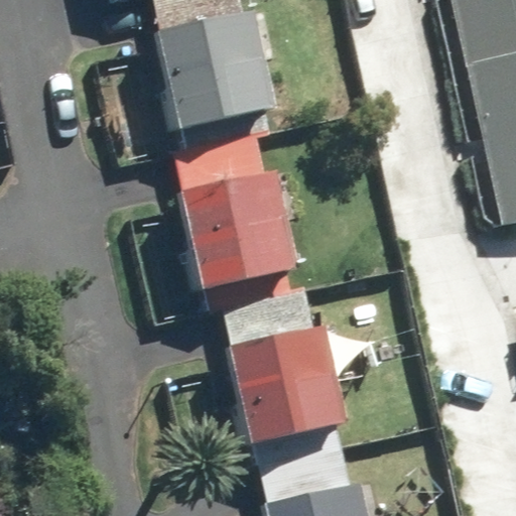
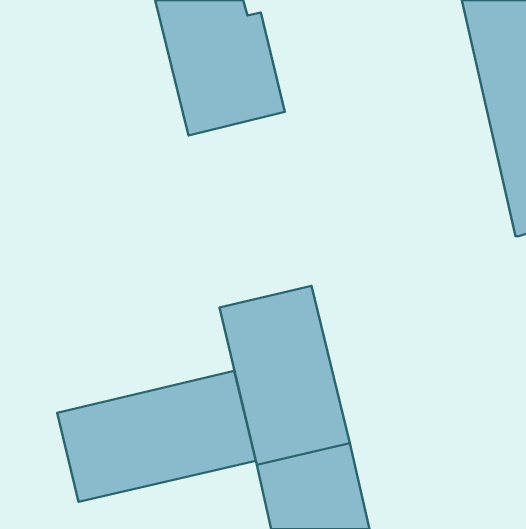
building: [168,127,297,297] -> none
building: none -> [57,371,256,502]

